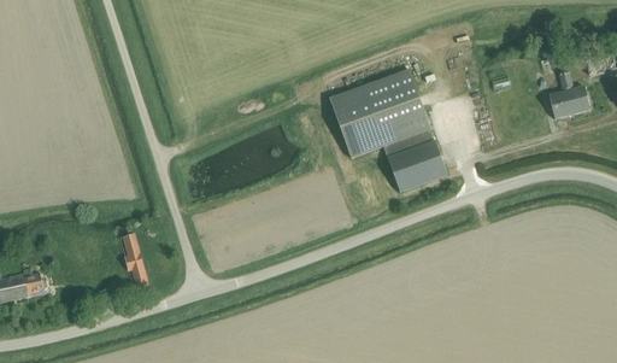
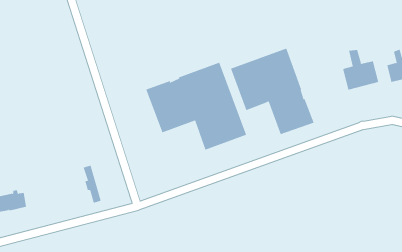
building: none -> [343,49,379,91]
building: none -> [146,62,247,151]

